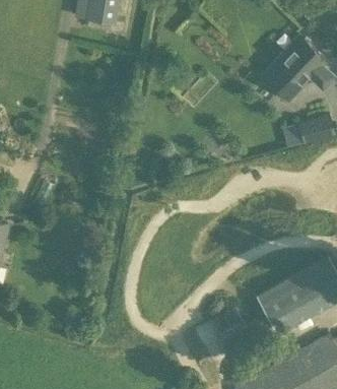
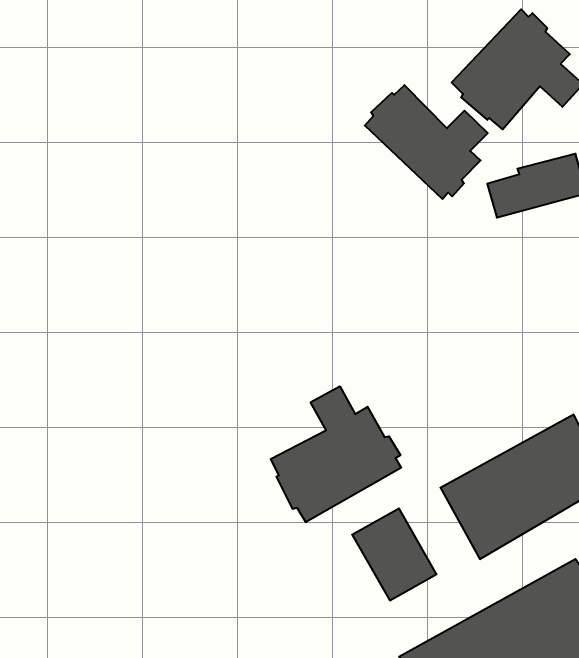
building: none -> [365,85,488,199]
building: none -> [271,386,401,522]

